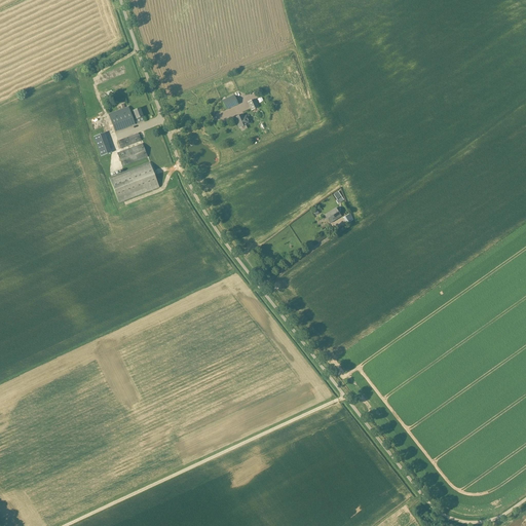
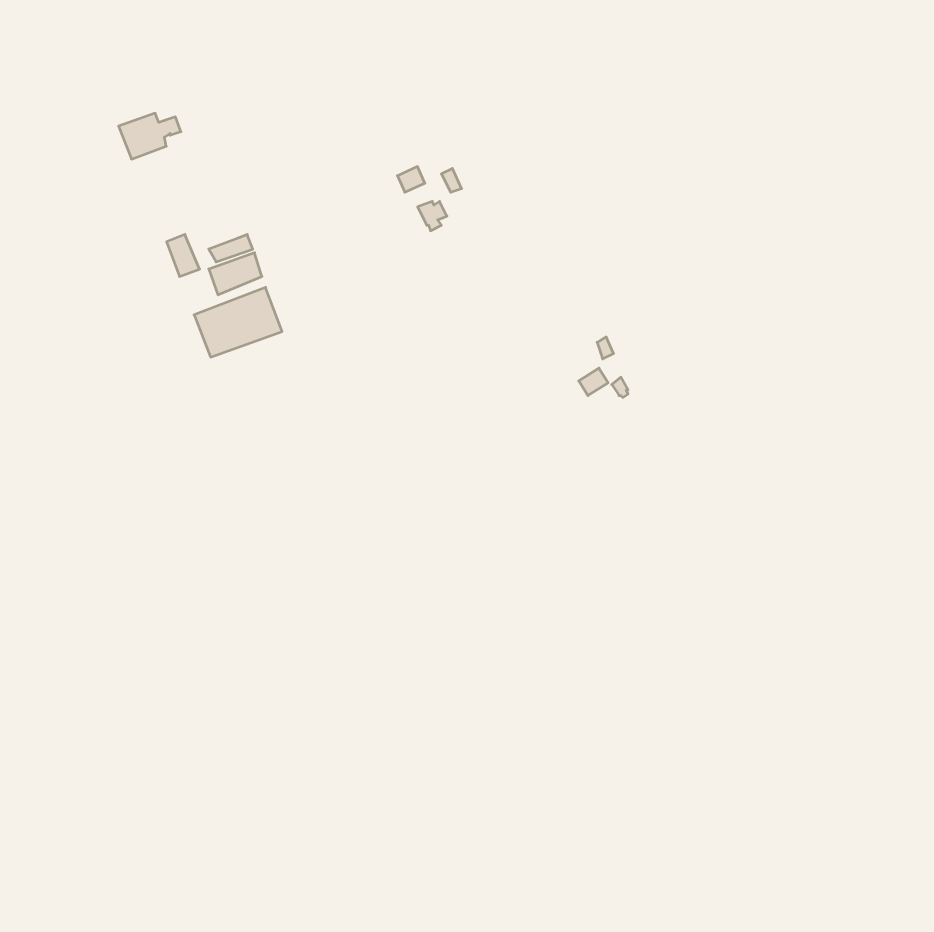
building: [109,105,144,130] -> [119,113,181,159]

